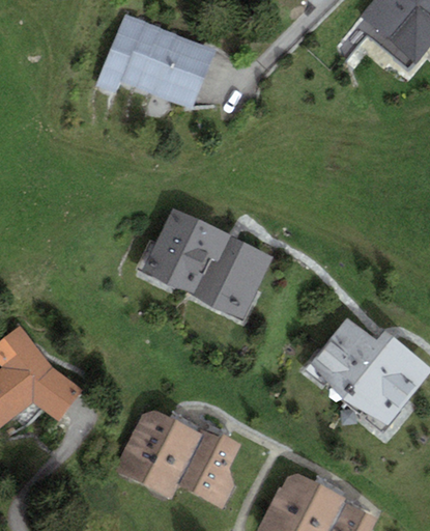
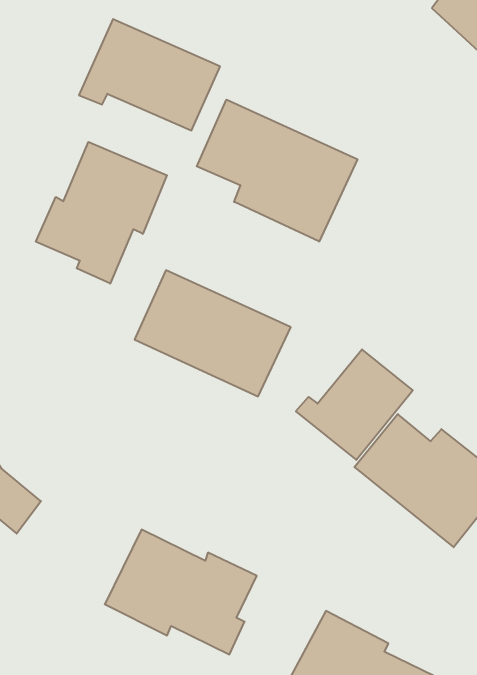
building: none -> [197,100,357,242]
building: none -> [36,142,167,284]
building: none -> [296,349,413,460]

